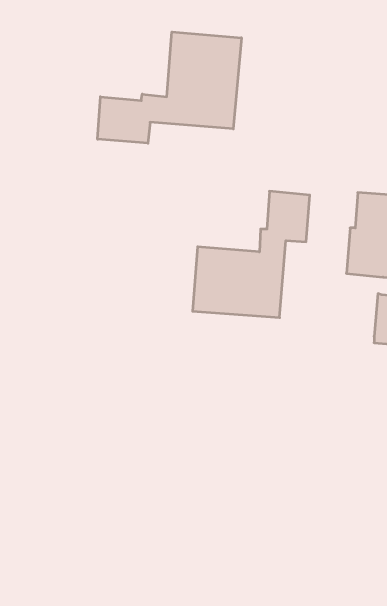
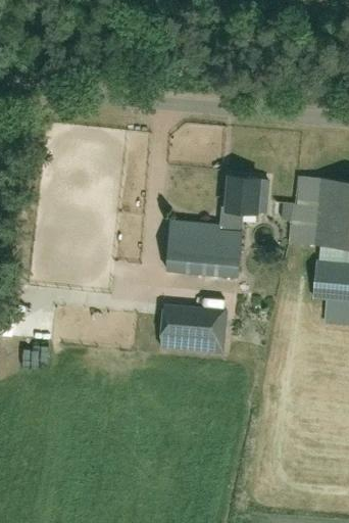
building: [98,32,241,143] -> none
building: none -> [159,302,228,352]

